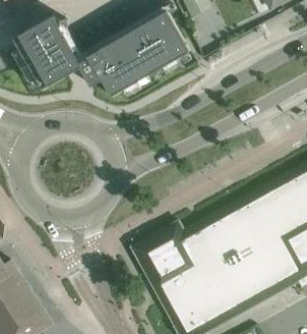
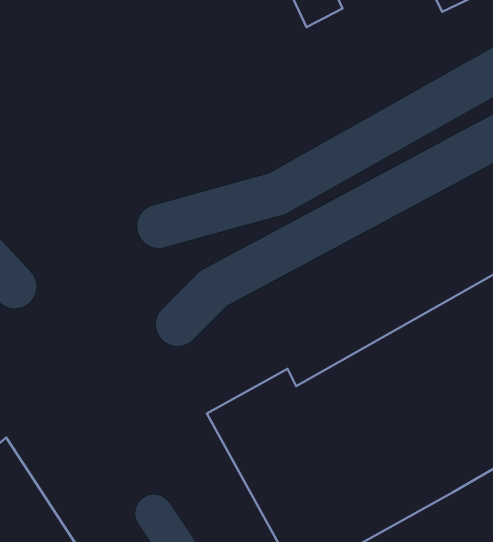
building: [13,10,189,96] -> none

